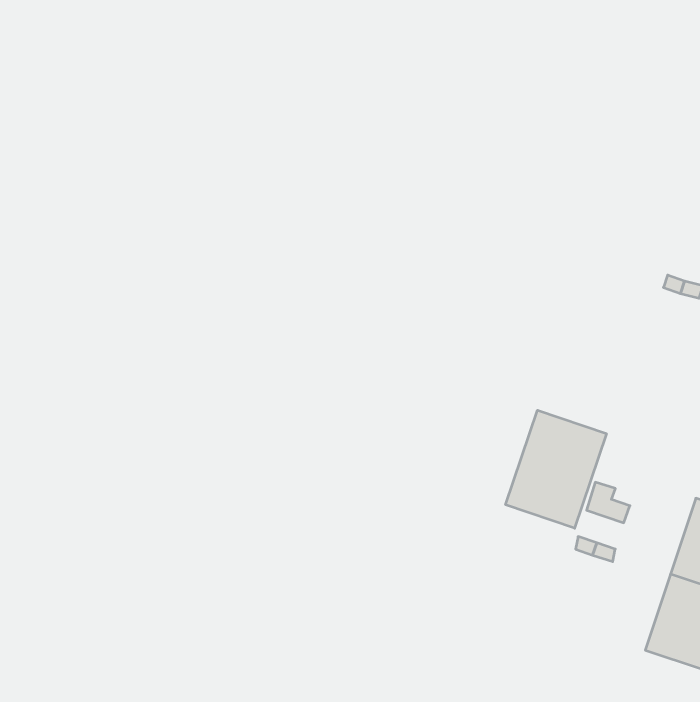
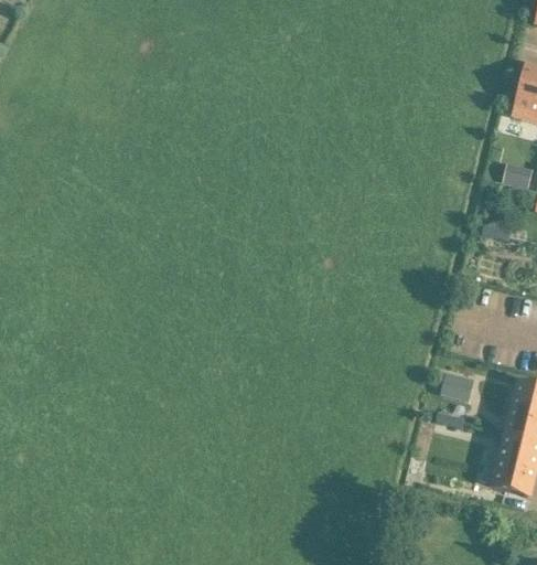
building: [506,410,606,528] -> none

